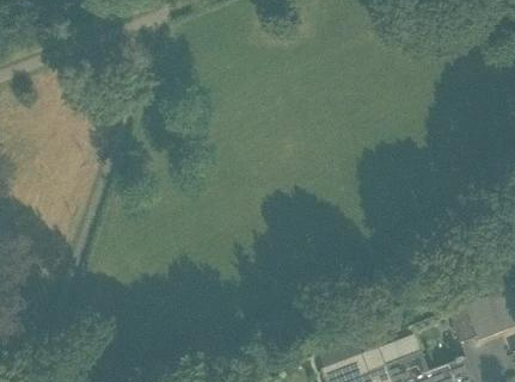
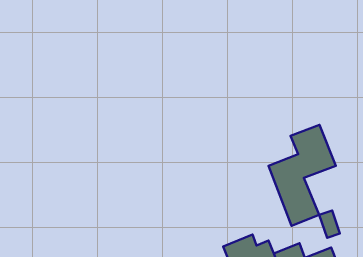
building: none -> [268,125,336,226]

